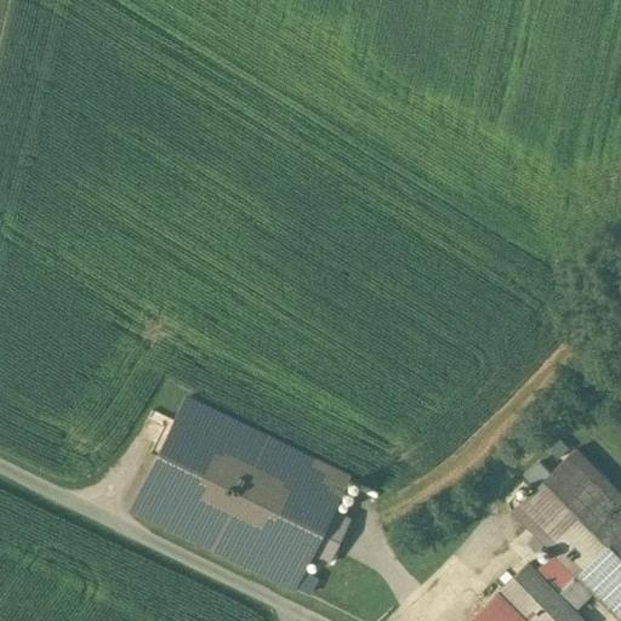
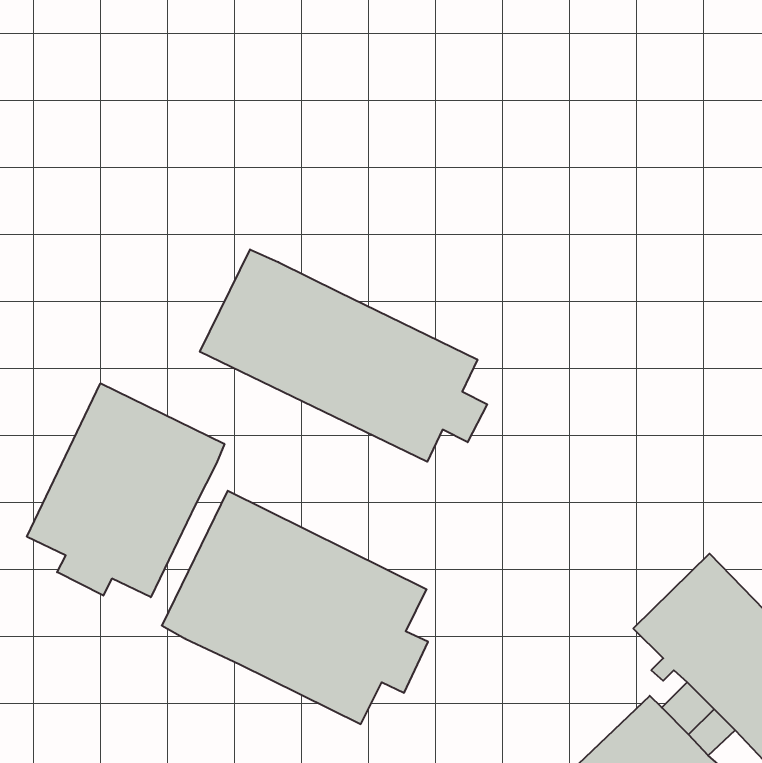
building: none -> [200,249,487,462]
building: none -> [27,383,224,597]

